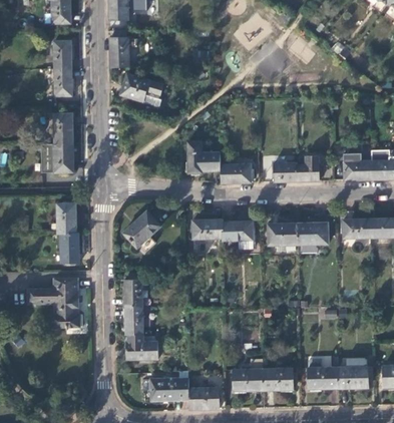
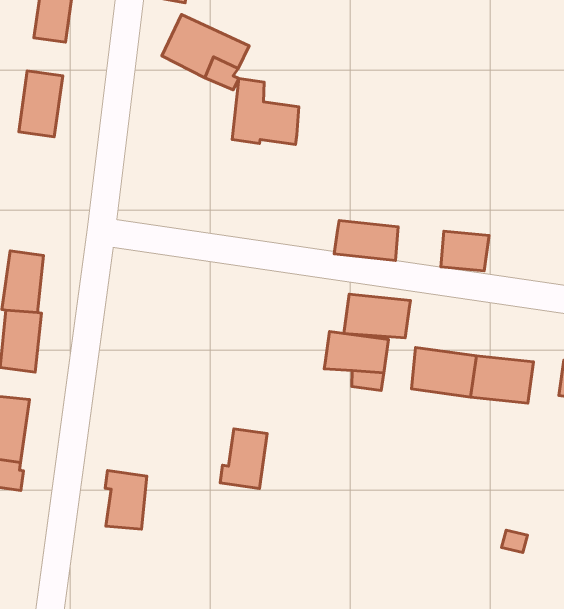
building: [187,141,221,172] -> [232,79,299,144]
building: [53,143,73,171] -> none
building: [297,154,319,180] -> none
building: [123,209,161,248] -> none
building: [192,219,224,240] -> [344,294,410,338]
building: [122,279,142,307] -> [220,429,267,488]
building: [126,342,158,359] -> none

